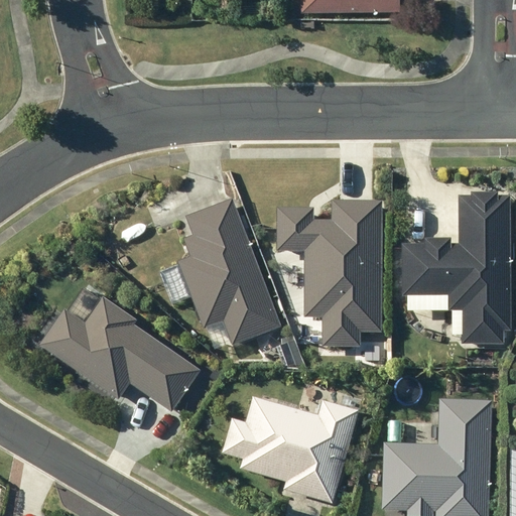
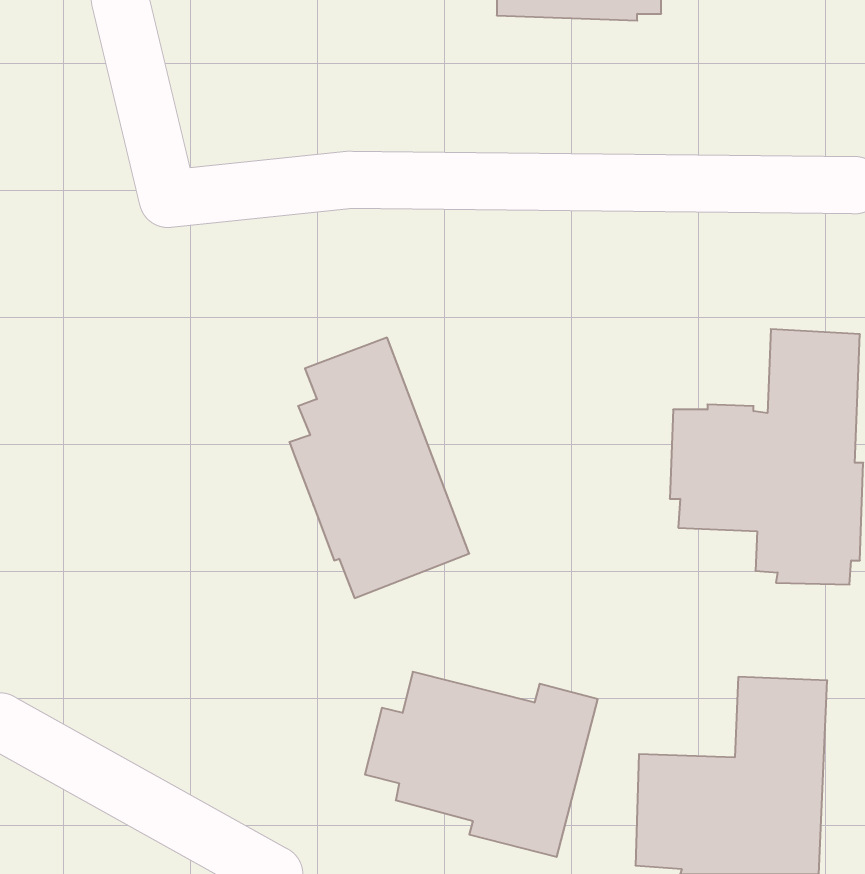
building: [276,199,385,348] -> none
building: [37,297,203,412] -> none

